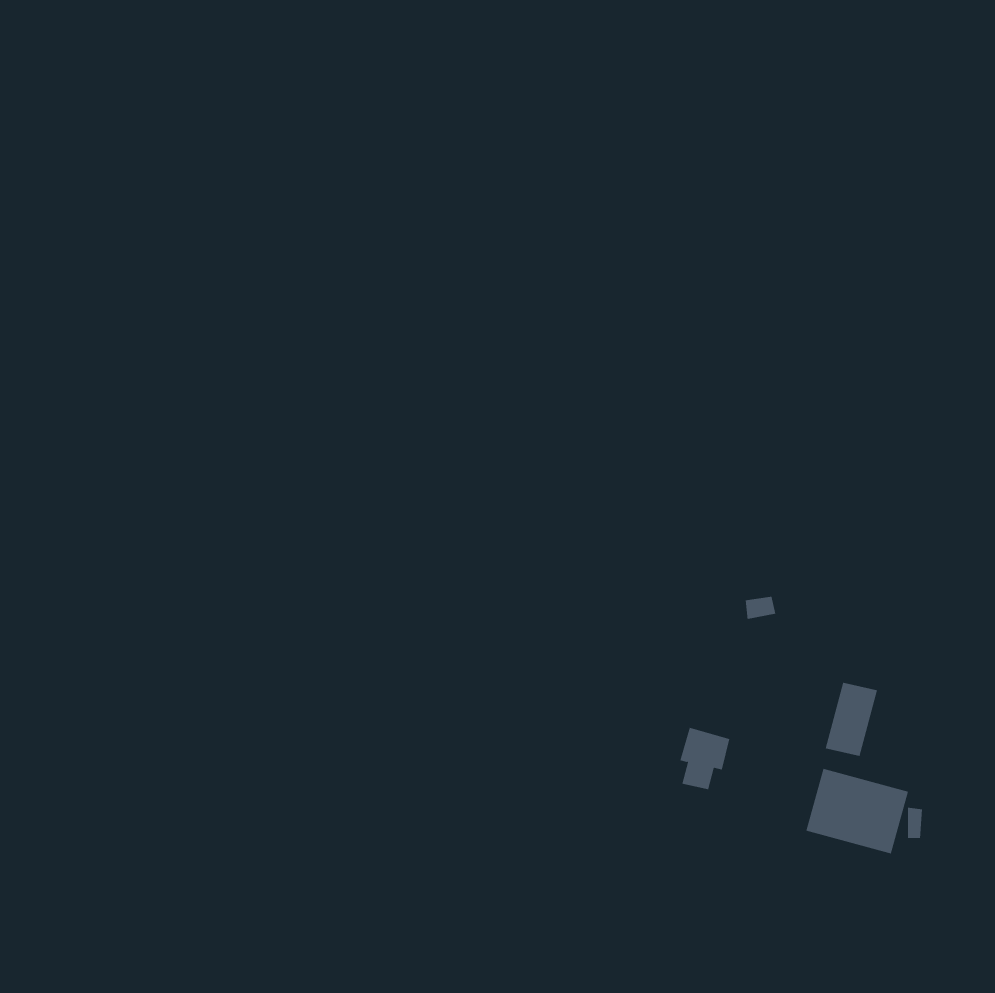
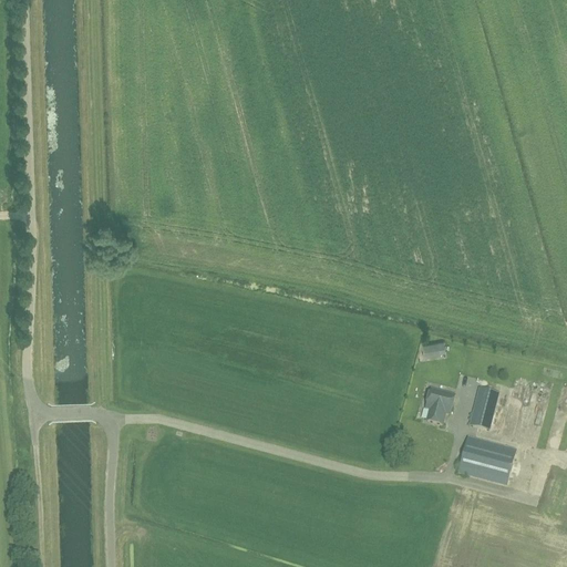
building: [679,727,730,790] -> [423,388,452,423]

